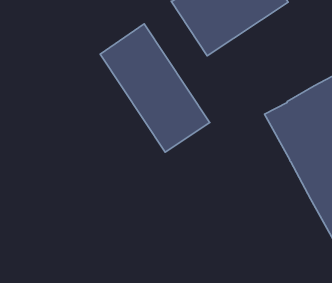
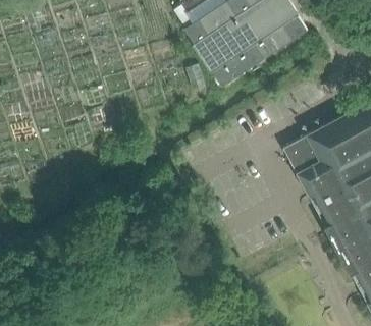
building: [100,24,210,152] -> none

